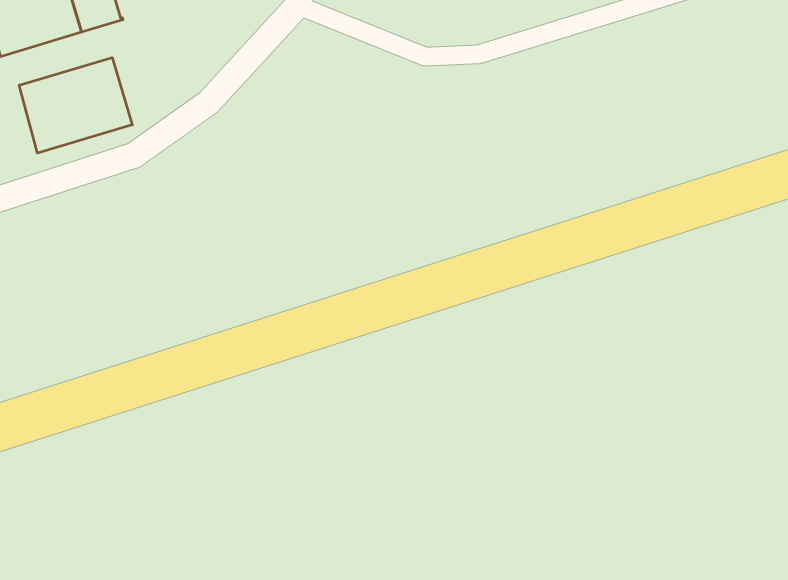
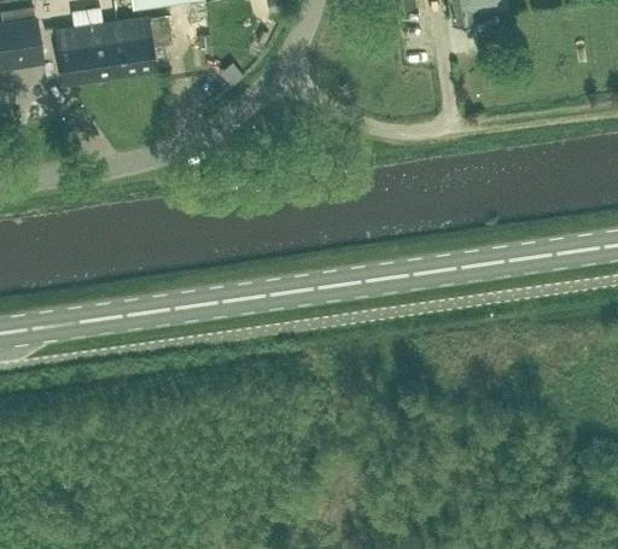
building: [19,58,132,153] -> none

